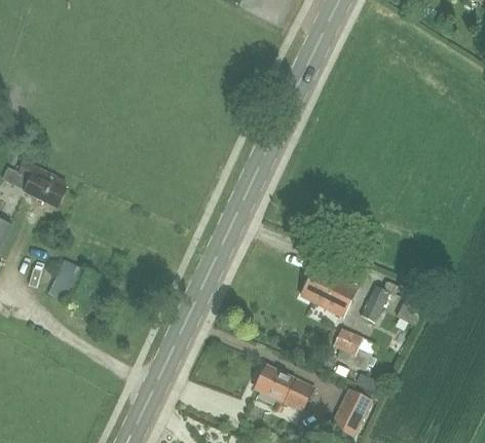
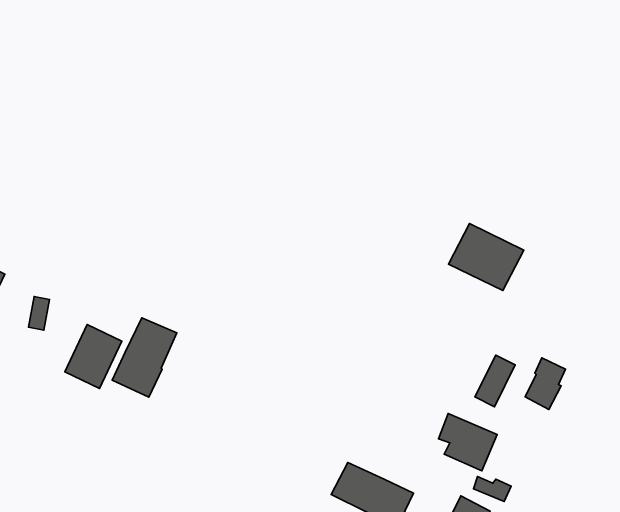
building: [17,160,65,207] -> none
building: none -> [112,318,177,397]
building: [300,265,356,315] -> [448,224,524,290]

